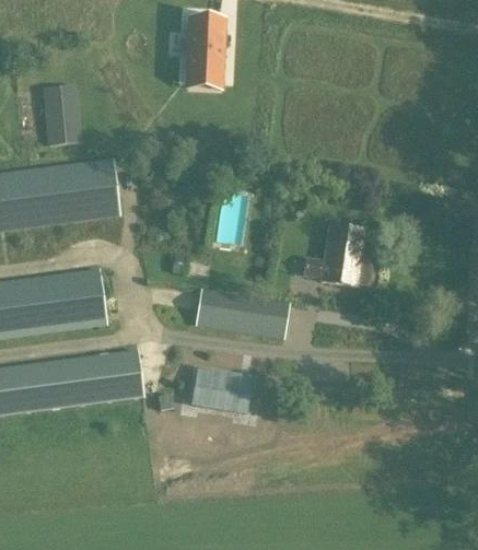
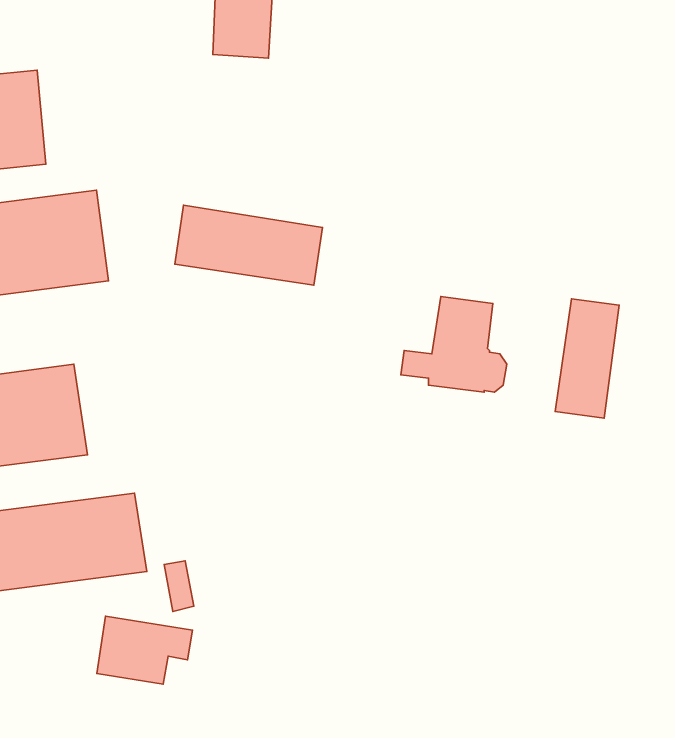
building: none -> [555,299,619,418]
building: [194,289,287,339] -> [175,205,323,285]
building: [193,371,253,413] -> [97,616,193,684]

